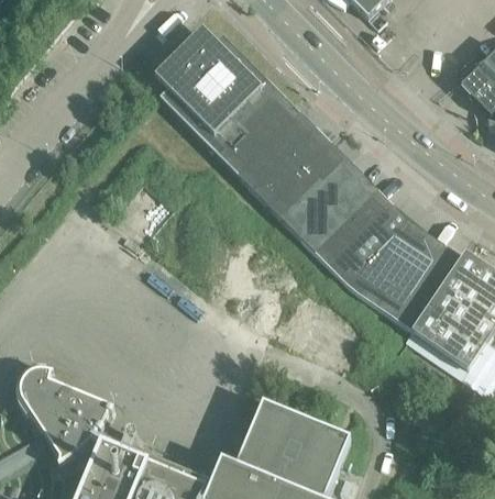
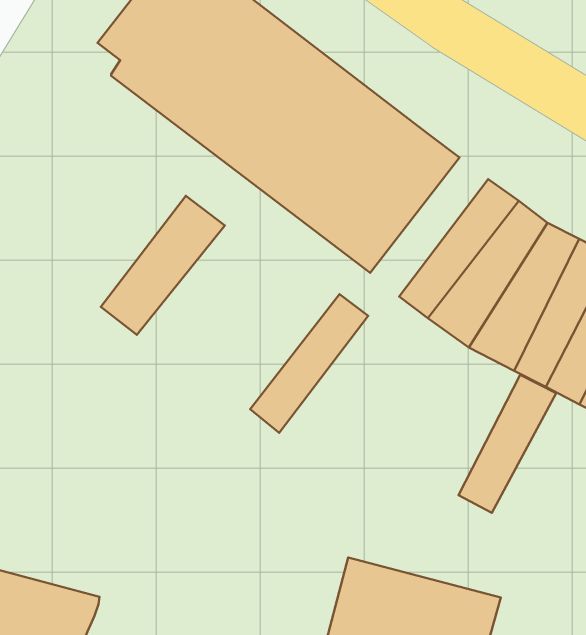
building: [298,173,376,251] -> [250,294,368,433]
building: none -> [101,196,225,335]
building: none -> [458,375,556,513]

